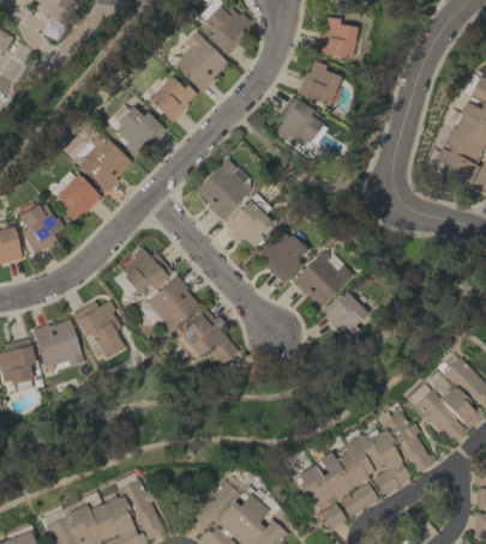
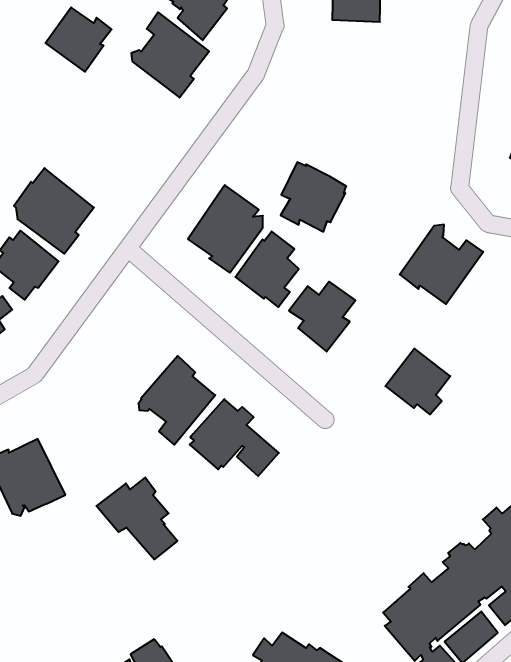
building: [298,60,341,105] -> none
building: [149,74,197,121] -> [45,7,112,72]
building: [275,97,324,149] -> [281,162,346,232]
building: [115,104,167,152] -> none
building: [113,247,173,296] -> none
building: [293,253,354,309] -> [400,225,483,304]
building: [72,300,126,358] -> [96,477,177,559]

